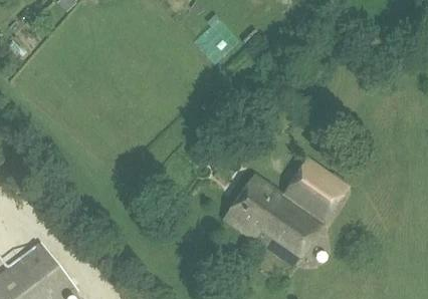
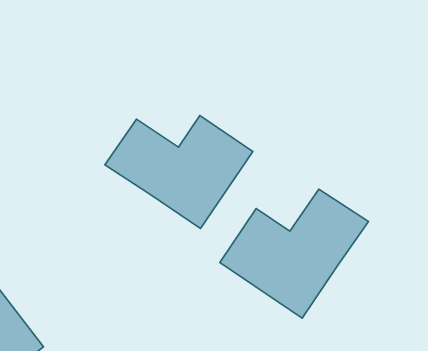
building: none -> [105,115,253,228]

